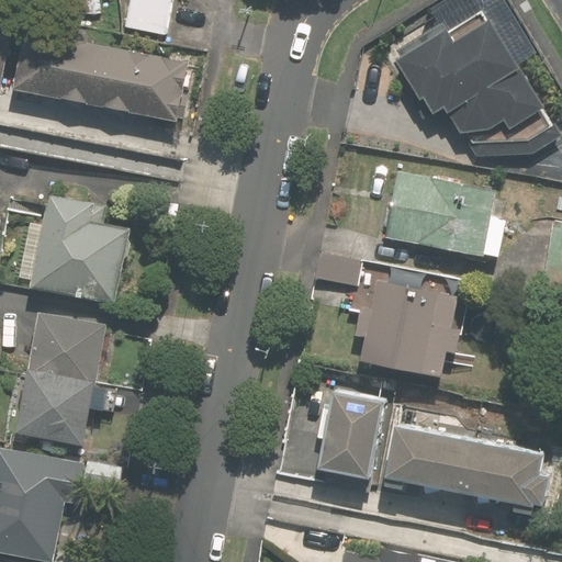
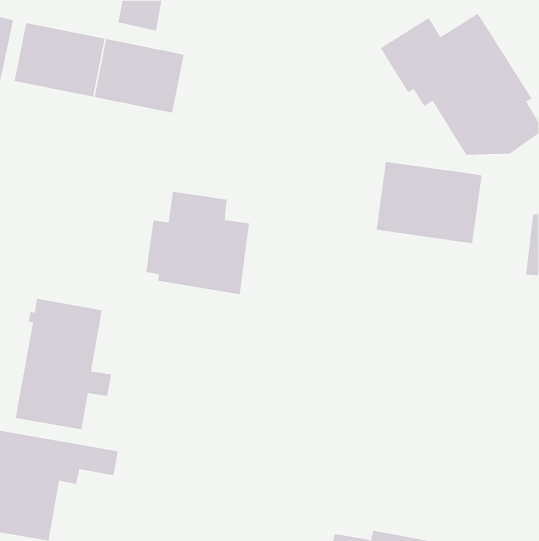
building: [19,196,126,303] -> [145,191,250,295]
building: [312,256,465,376] -> none
building: [321,389,389,475] -> none
building: [386,420,550,507] -> none

